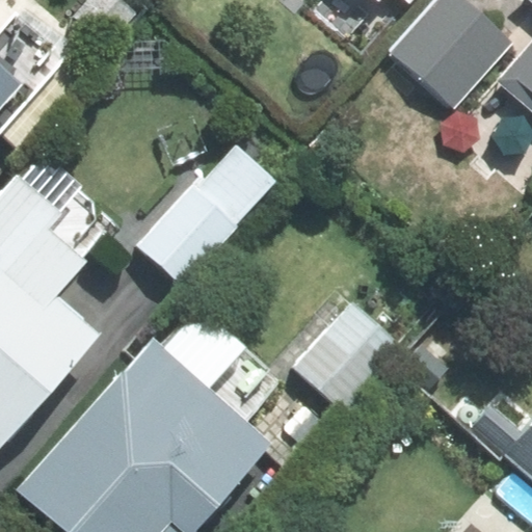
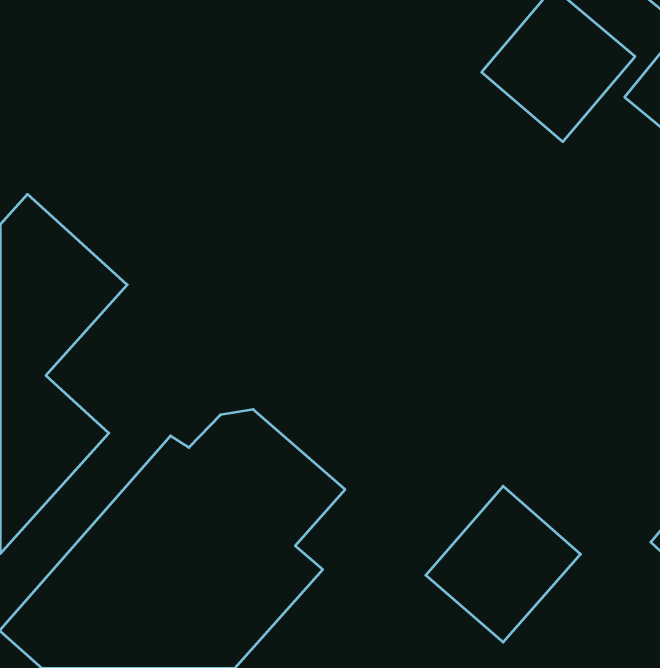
building: [130,142,273,291] -> none
building: [284,296,406,420] -> [426,486,581,642]

